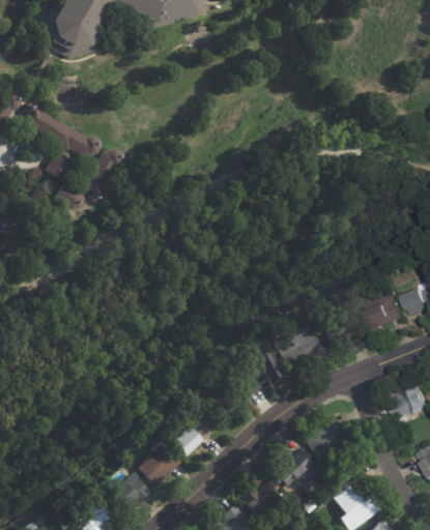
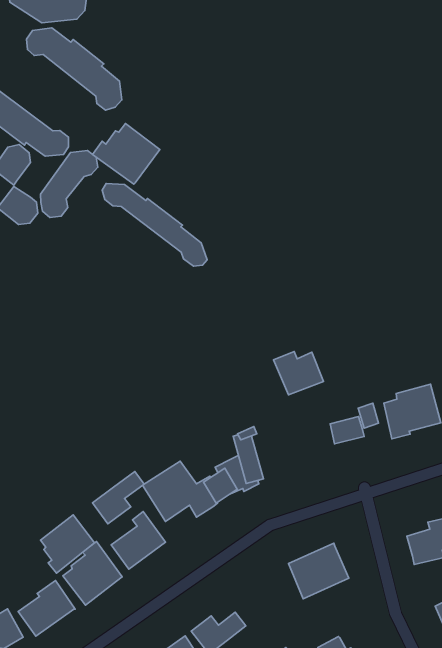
building: none -> [27,28,122,110]
building: none -> [93,124,160,184]
building: none -> [102,184,207,266]
building: [285,331,324,365] -> [274,351,323,395]
building: none -> [92,471,144,524]
building: none -> [40,515,95,573]
building: [281,451,315,485] -> none

